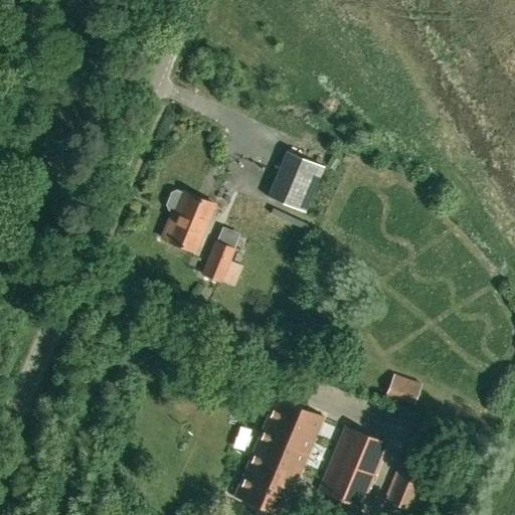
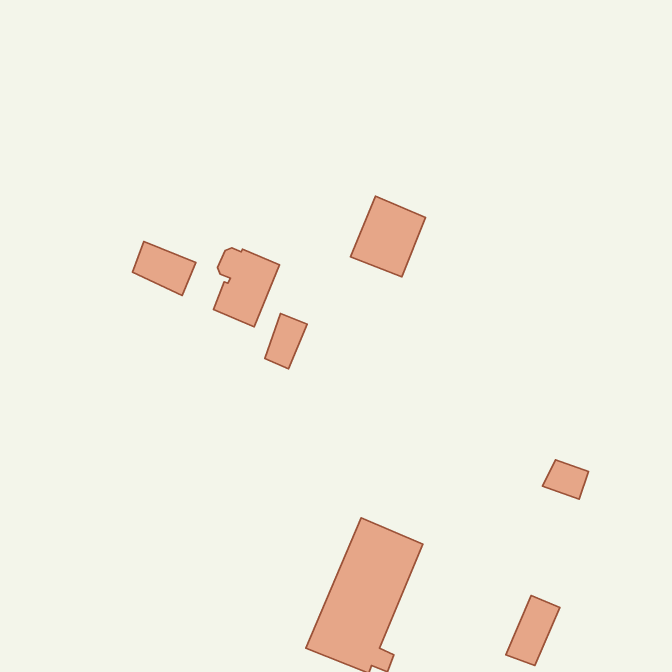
building: none -> [132,242,196,295]
building: [386,374,421,404] -> [542,460,589,499]
building: [319,425,388,508] -> none

